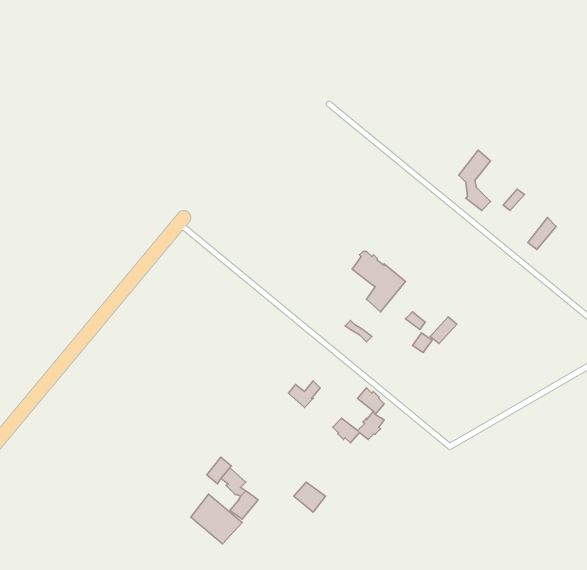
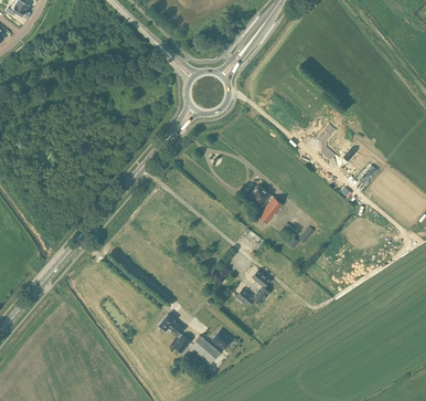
building: [191,494,242,544] -> [188,335,220,366]

